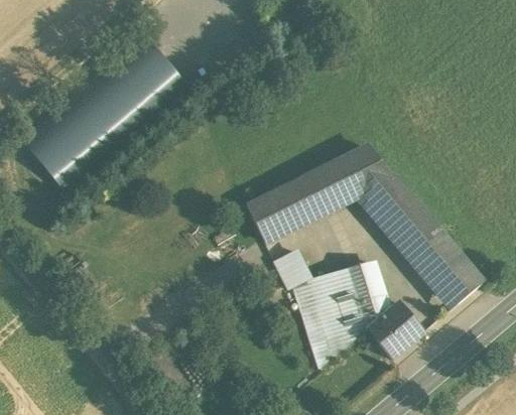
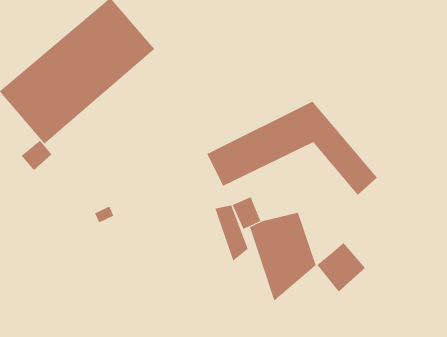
building: none -> [21,140,52,171]
building: [413,229,481,301] -> none
building: [348,263,385,325] -> [215,205,248,262]

